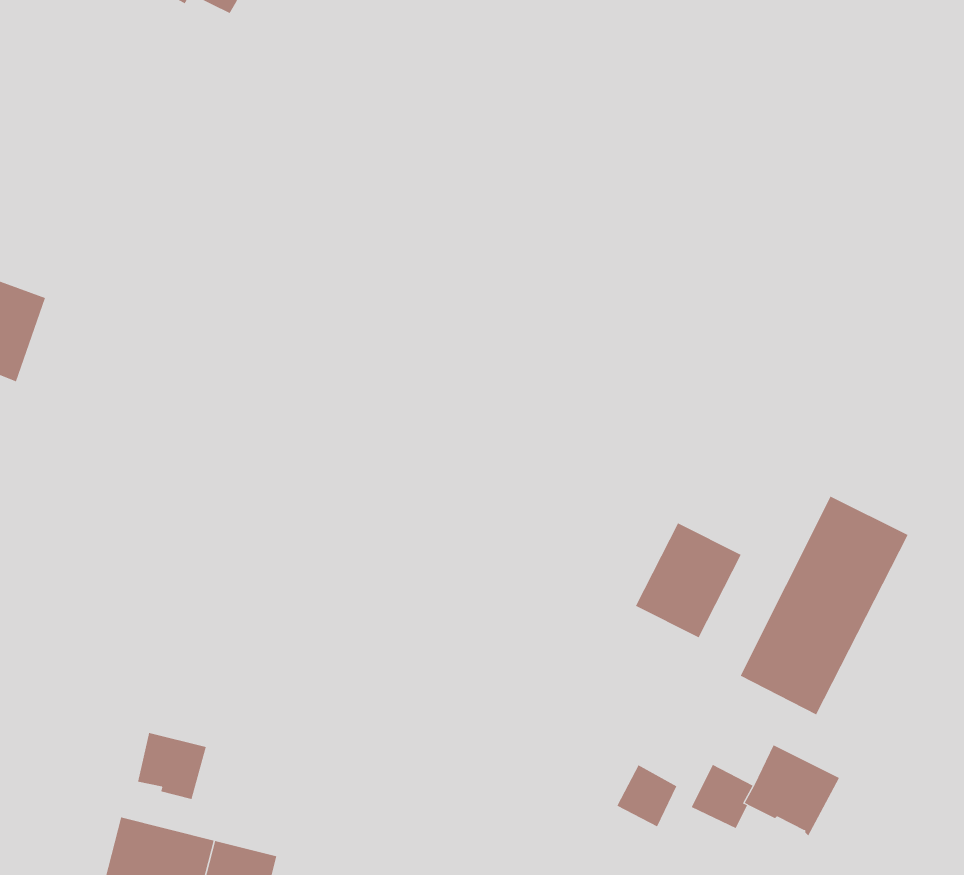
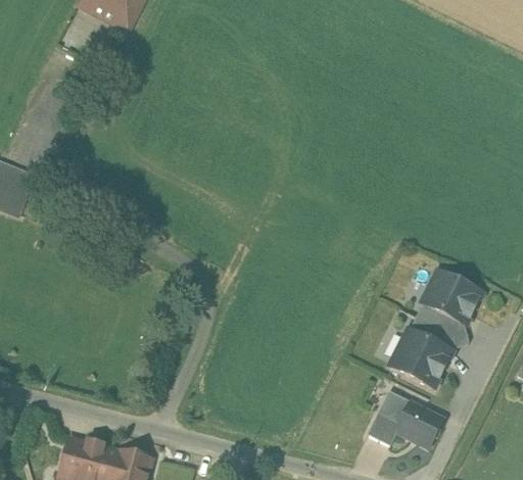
building: [635,523,741,638] -> none
building: [137,732,206,800] -> none
building: [616,765,677,827] -> [378,390,410,423]

